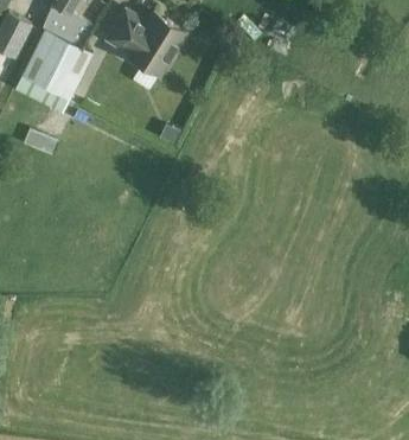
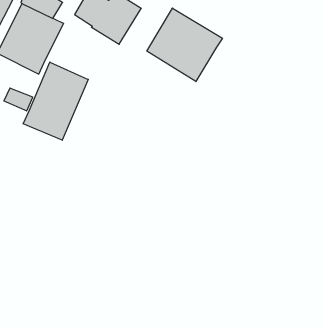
building: none -> [147,8,222,82]
building: none -> [23,62,88,140]

